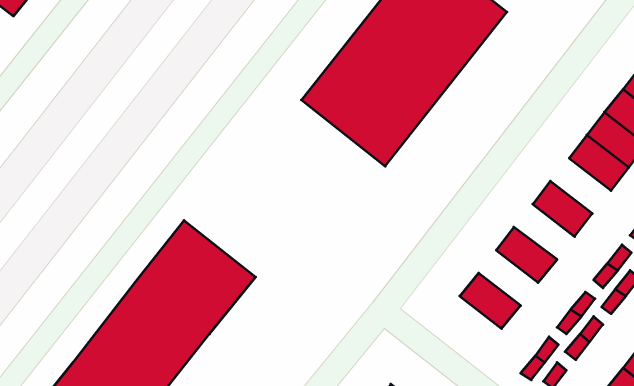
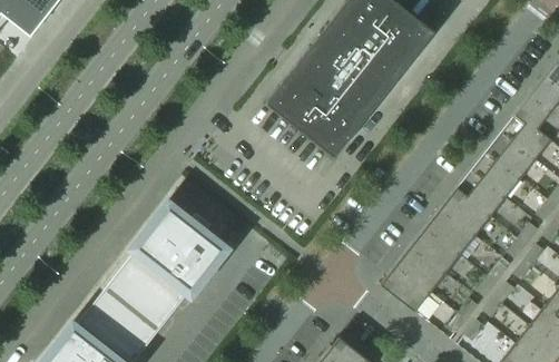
building: none -> [471,151,521,197]
building: none -> [441,189,491,235]
building: none -> [412,227,461,273]
building: none -> [381,265,431,312]

